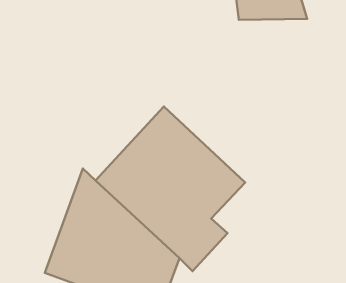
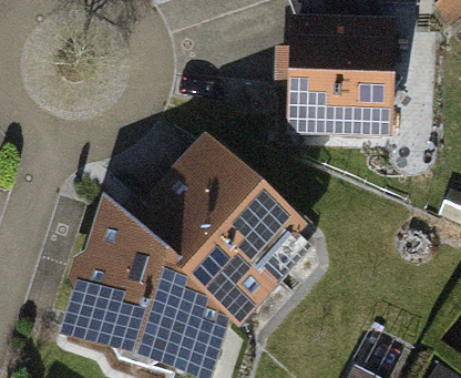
building: none -> [291,25,393,131]

